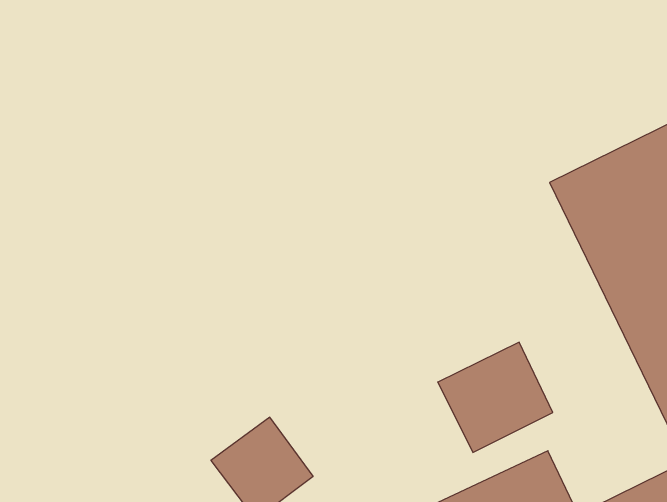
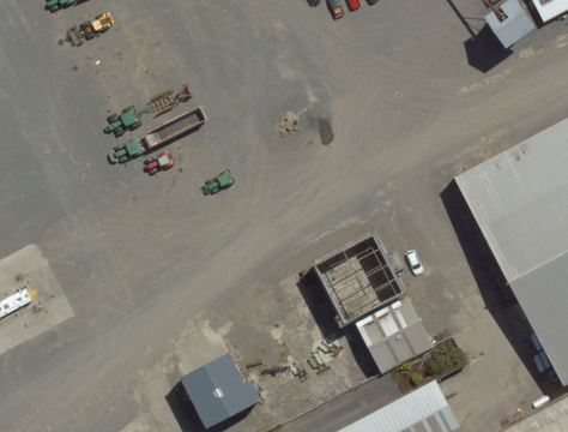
building: none -> [320,235,416,326]

